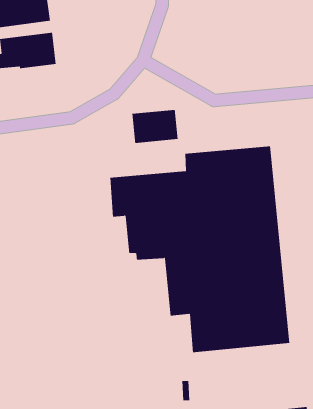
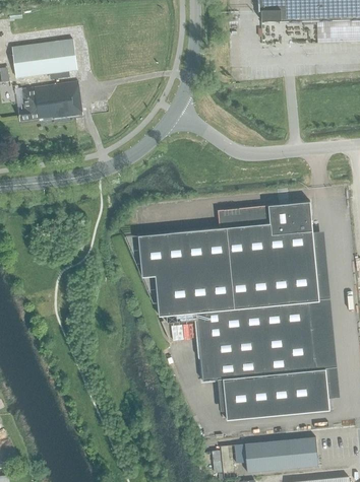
building: [132,109,178,144] -> none
building: none -> [234,437,318,472]

